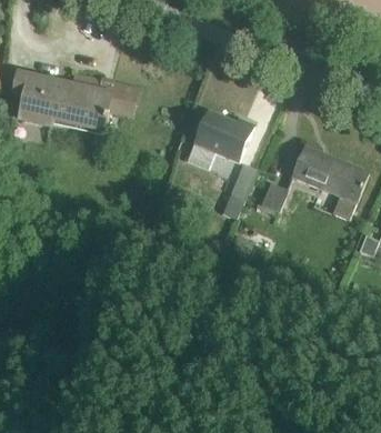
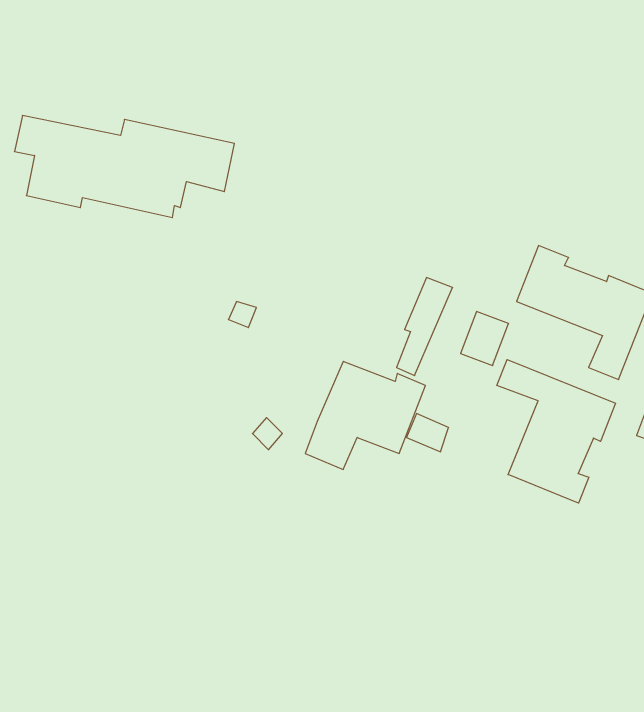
building: [187,111,253,171] -> [305,361,425,469]
building: none -> [497,360,615,503]

